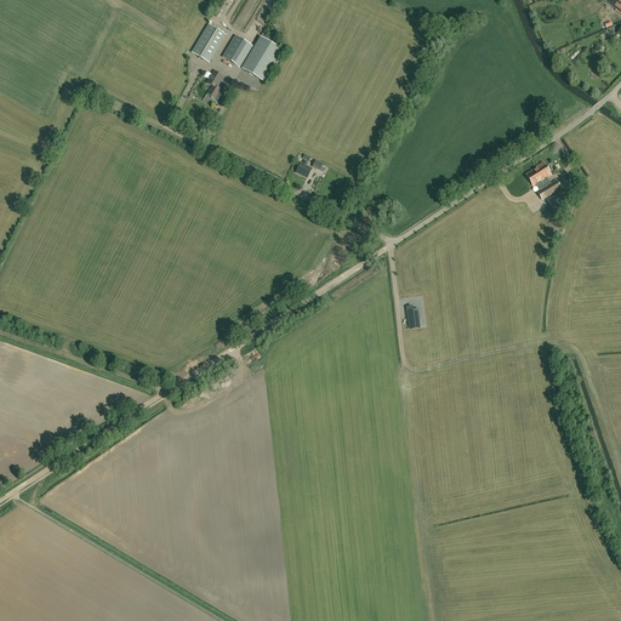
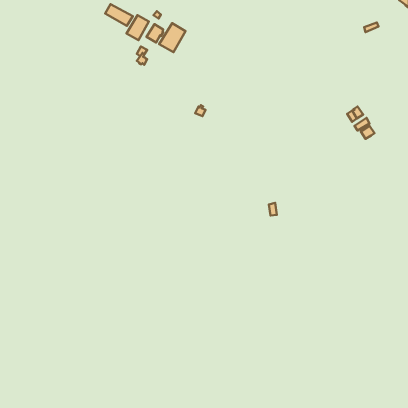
building: none -> [105,4,133,26]

